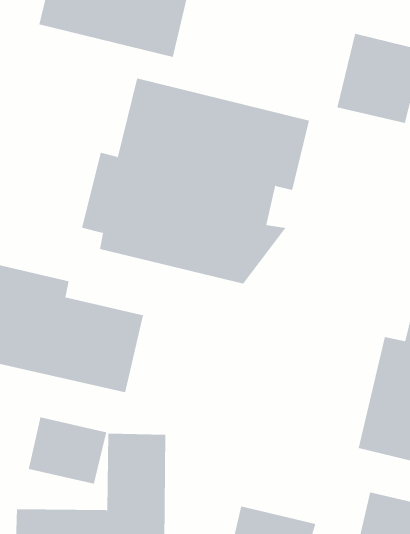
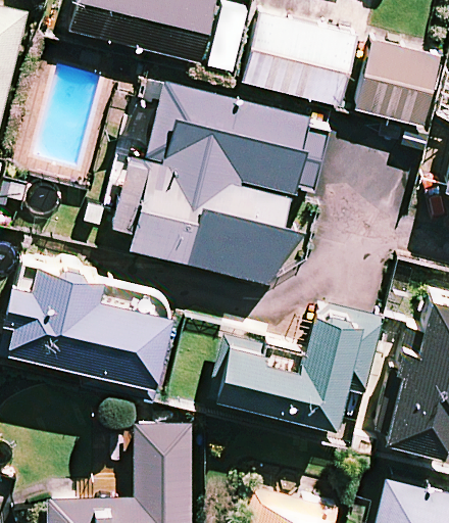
building: none -> [245,15,356,106]
building: none -> [211,315,359,427]
building: [28,417,107,485] -> none

